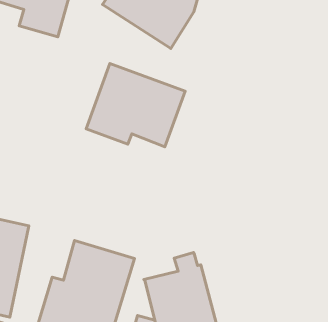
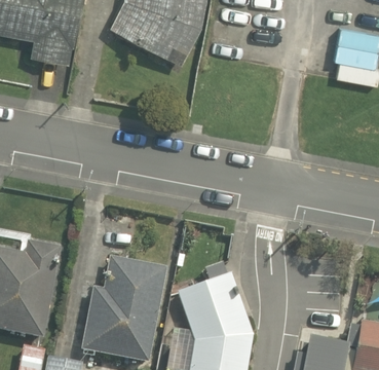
building: [86,64,185,147] -> none

